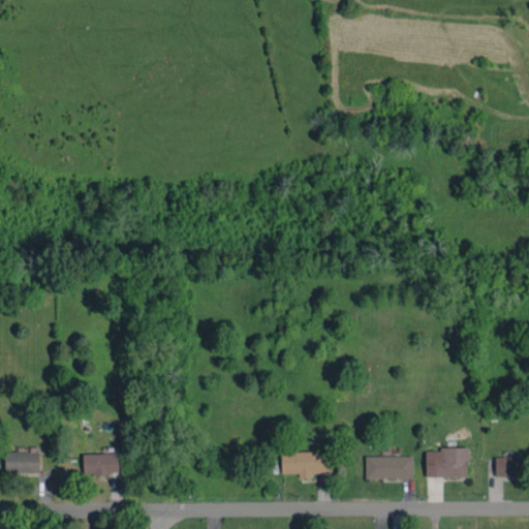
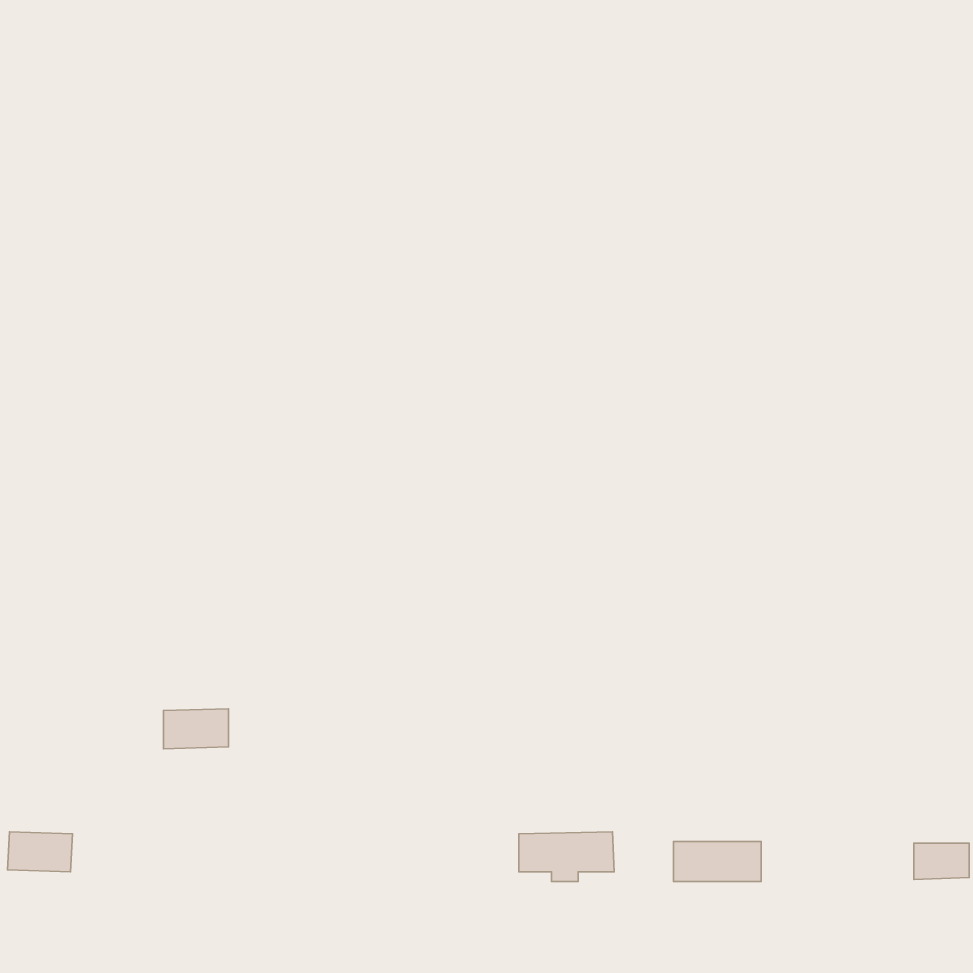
building: [426,449,468,477] -> none
building: [84,454,119,475] -> [164,709,228,749]

